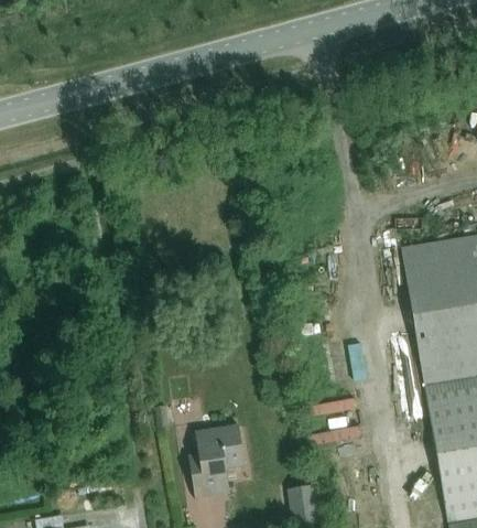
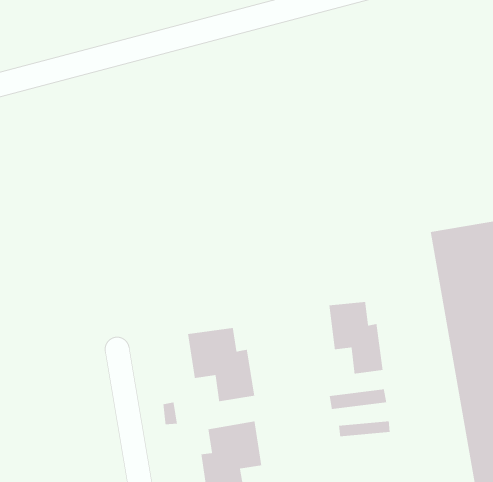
building: none -> [328,301,383,374]
building: none -> [187,327,255,402]

